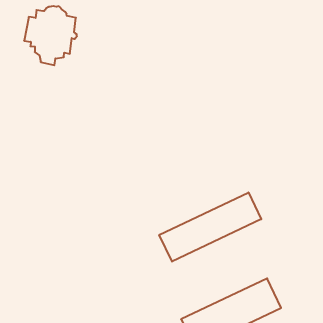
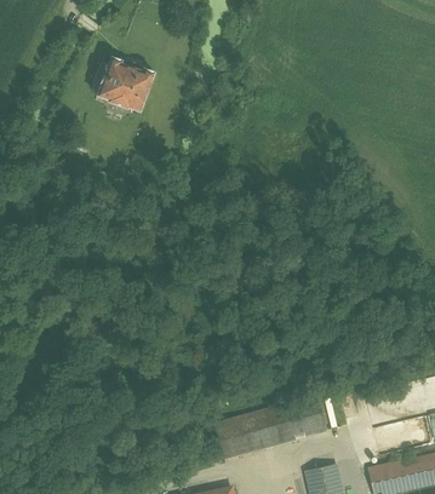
building: [159,192,261,262] -> none

